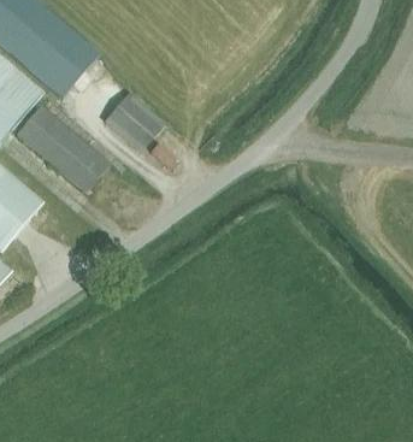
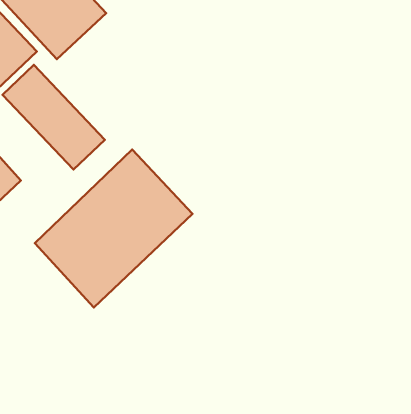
building: [106,92,164,149] -> none
building: none -> [35,150,193,308]

